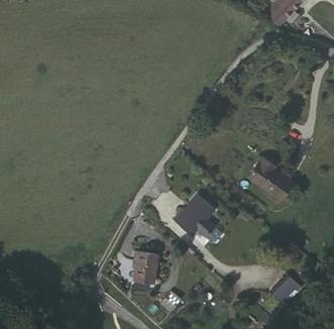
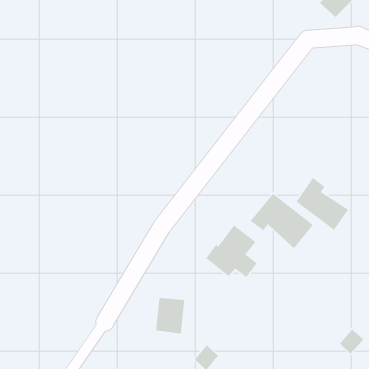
building: none -> [250,193,314,249]

